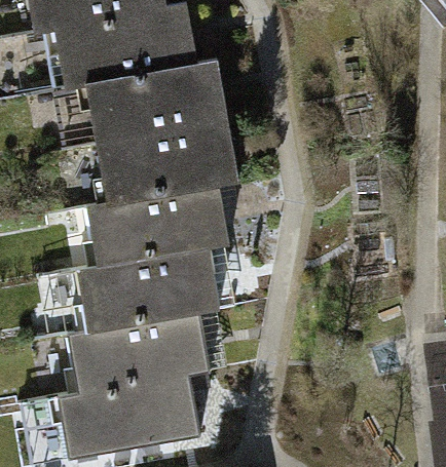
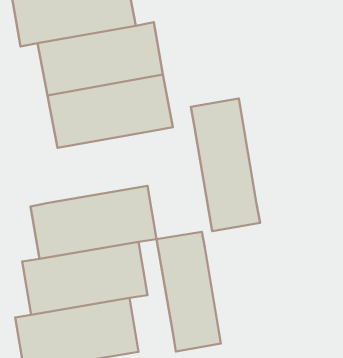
building: none -> [191,98,260,231]
building: [84,182,227,264] -> none
building: none -> [157,232,221,352]

